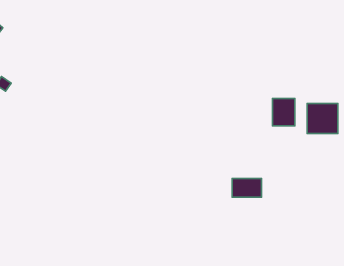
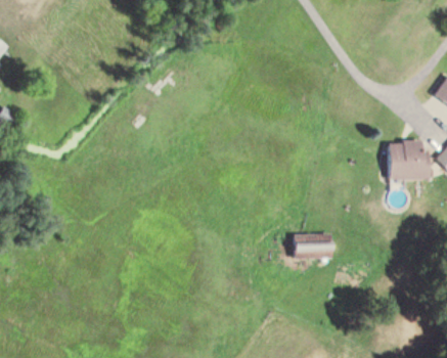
building: [272,99,295,126] -> none

